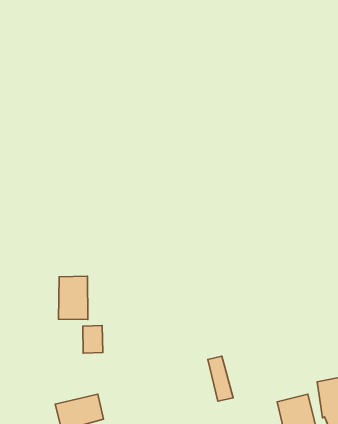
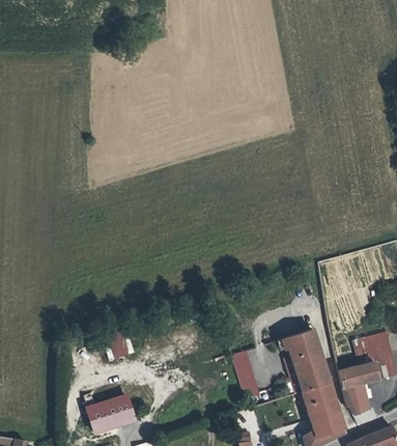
building: [58,276,88,319] -> none
building: none -> [285,330,331,392]

